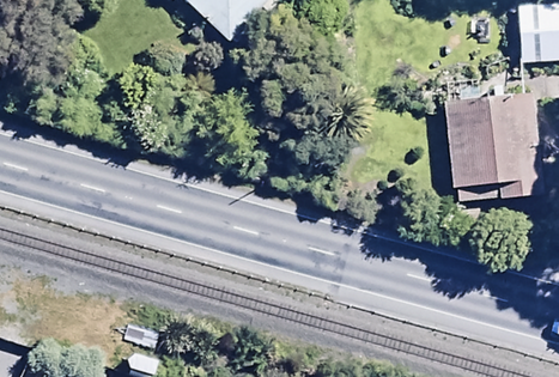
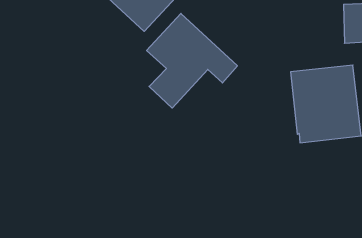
building: none -> [147,13,237,108]

